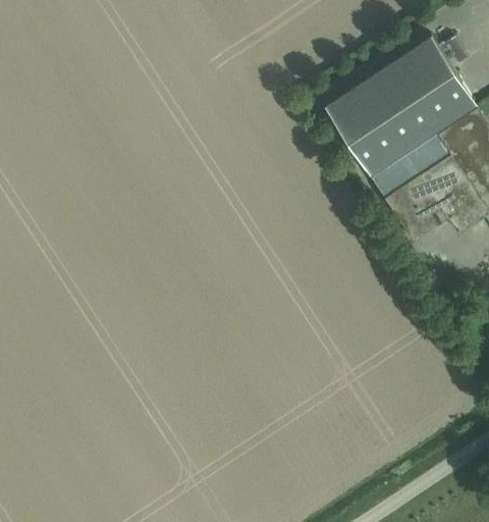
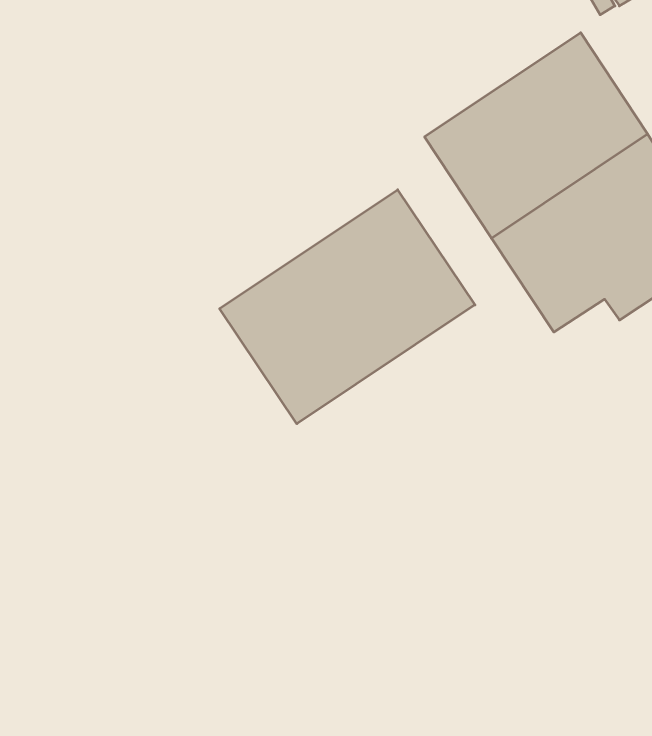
building: none -> [220,190,475,424]

